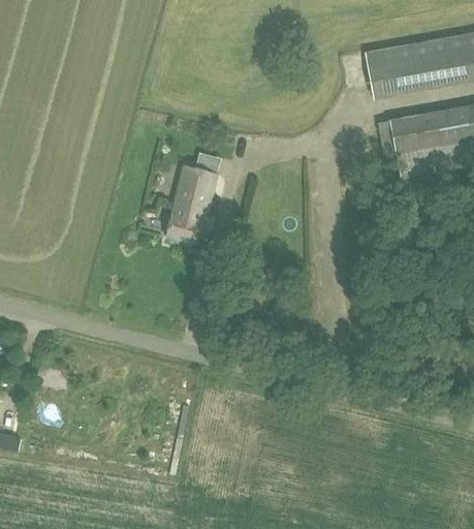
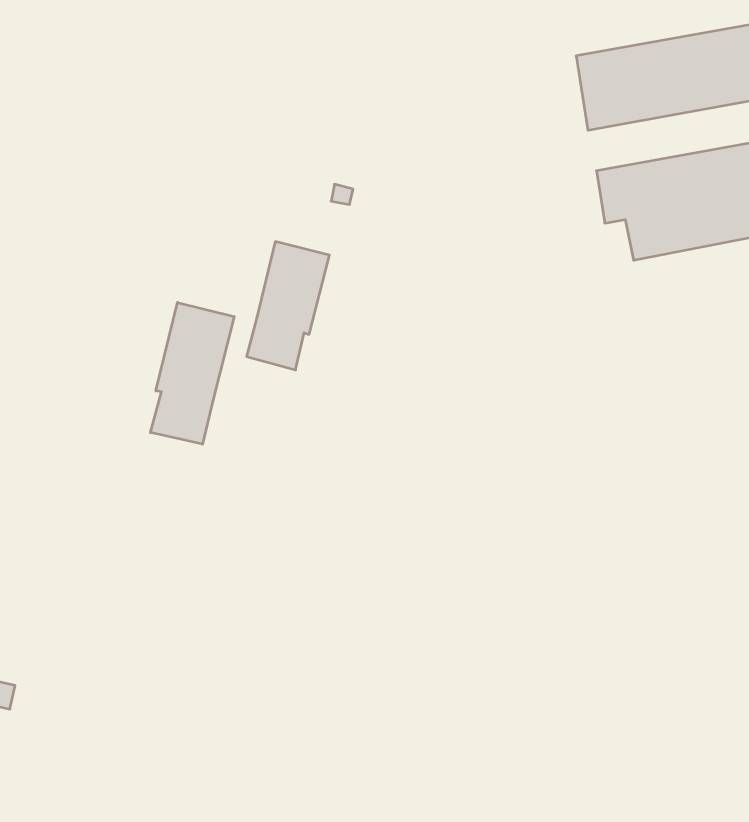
building: none -> [150,302,234,444]

